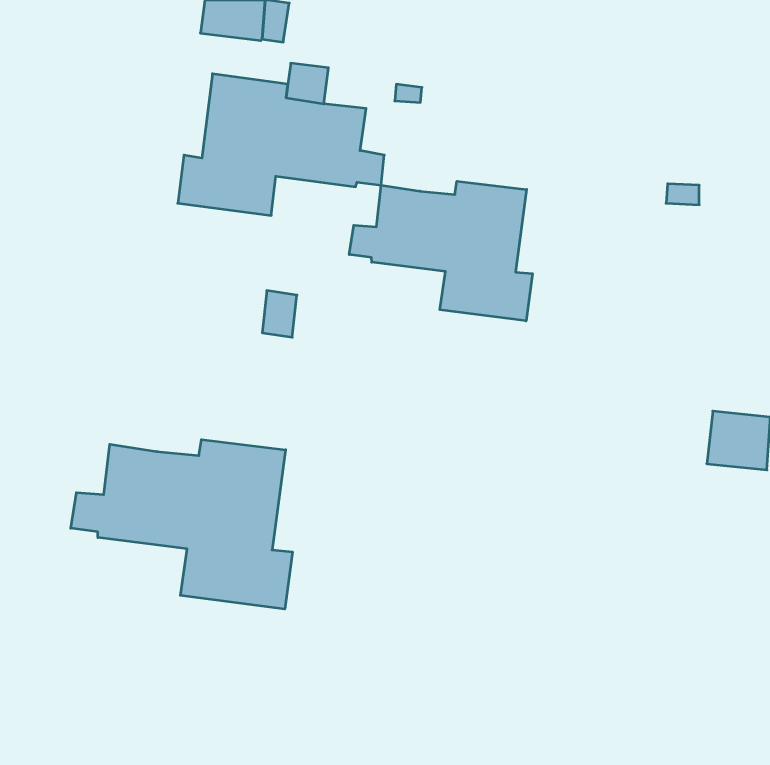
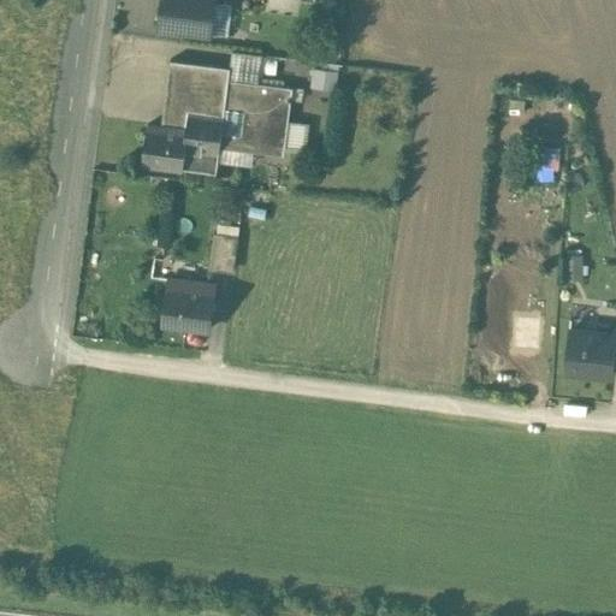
building: [349,181,532,321] -> none
building: none -> [164,282,214,332]
building: [71,440,292,609] -> none

